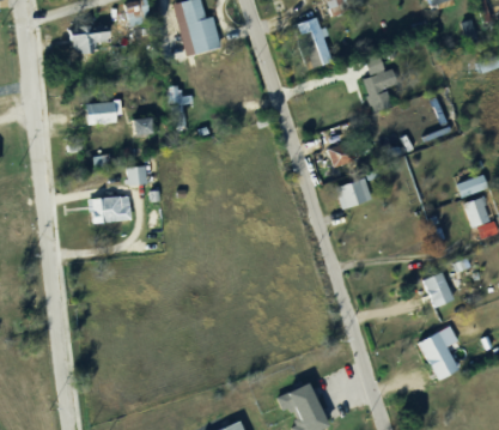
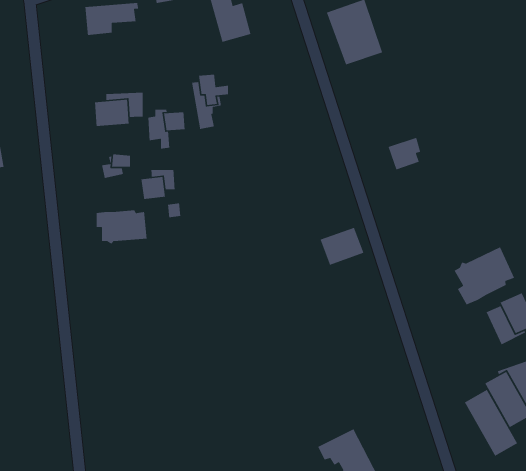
building: [363,67,398,111] -> none
building: [334,176,372,210] -> [320,227,364,266]
building: none -> [454,246,515,305]
building: none -> [464,389,518,457]

